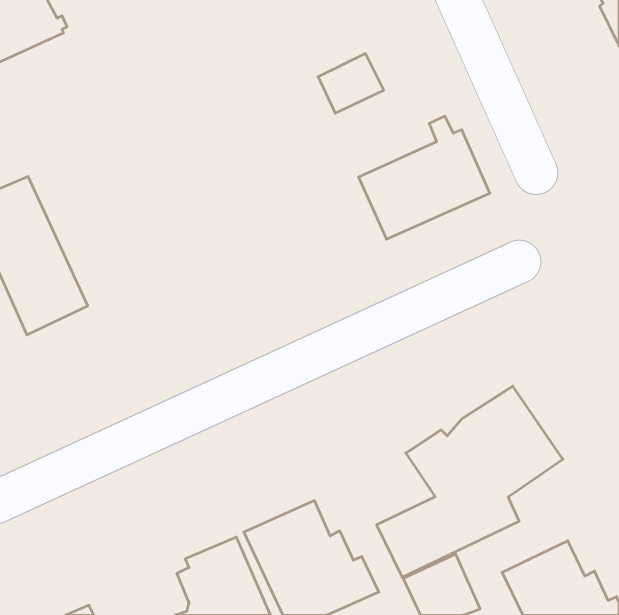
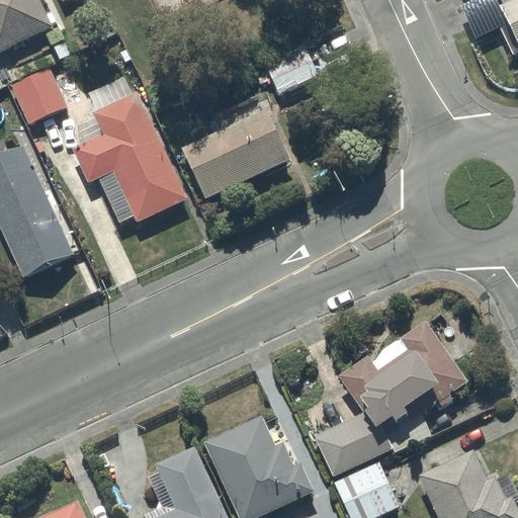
building: none -> [9,67,67,124]
building: none -> [72,75,186,224]
building: [358,116,490,239] -> [181,97,290,199]

